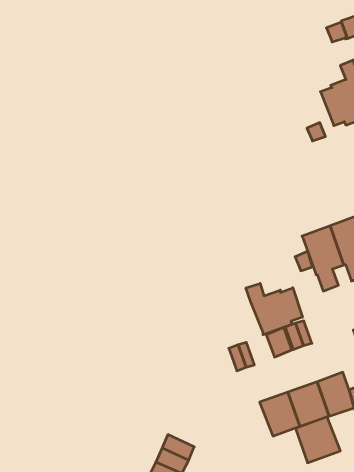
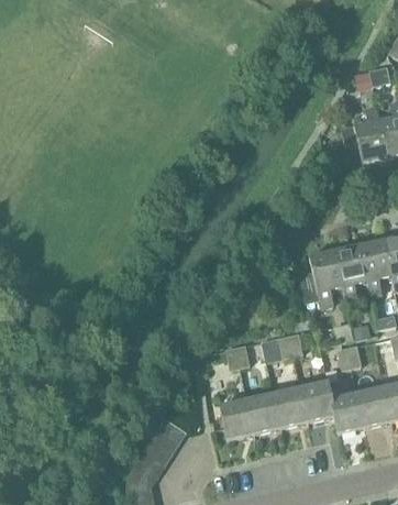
building: [246,283,302,335] -> none
building: [295,417,340,463] -> [219,399,256,438]

